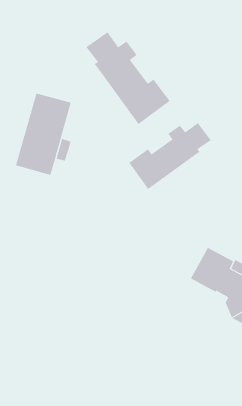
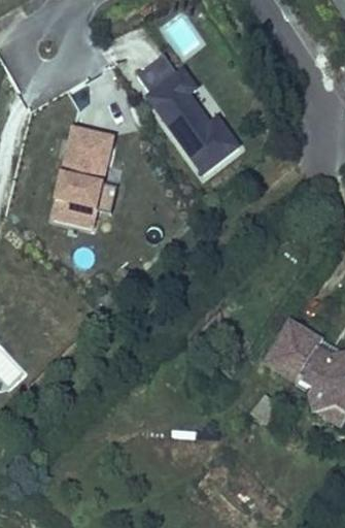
building: [129,122,211,190] -> none

